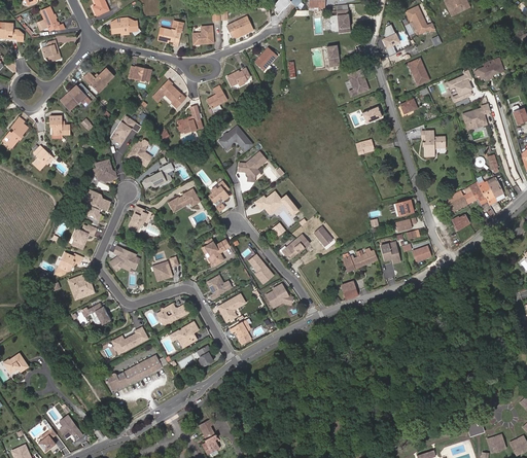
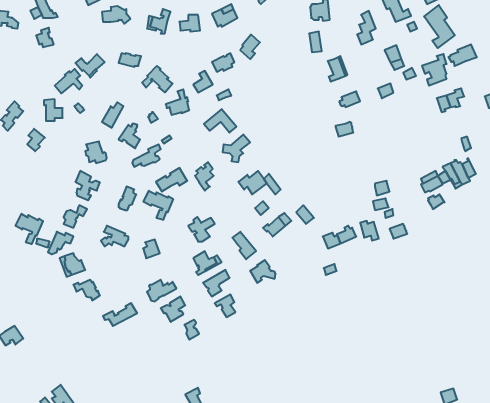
building: none -> [424,5,455,48]
building: [424,131,446,156] -> none
building: none -> [144,191,173,220]
building: none -> [16,214,43,244]
building: [107,356,168,391] -> none

